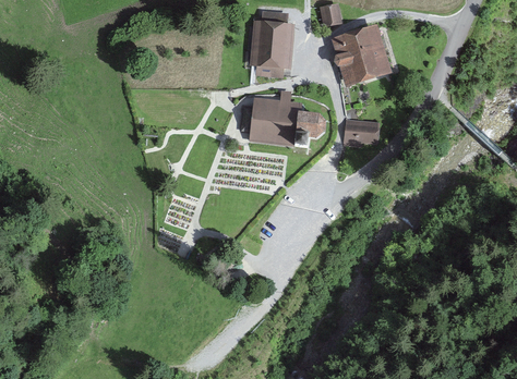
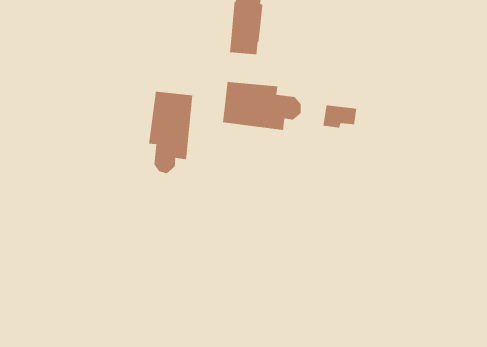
building: [335,32,383,80] -> none
building: none -> [148,91,193,174]

